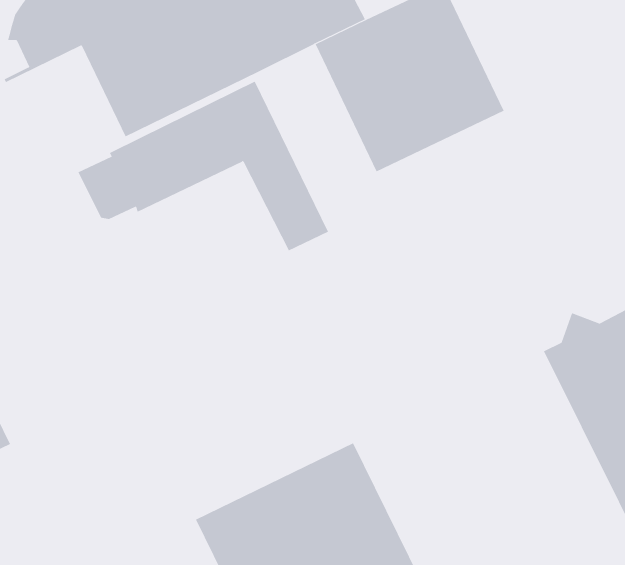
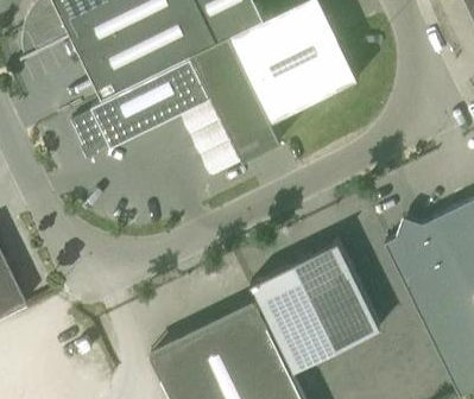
building: none -> [192,34,282,159]
building: none -> [251,241,380,370]

